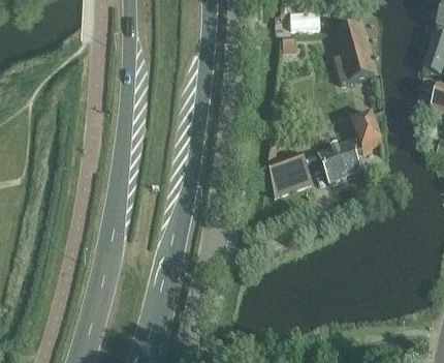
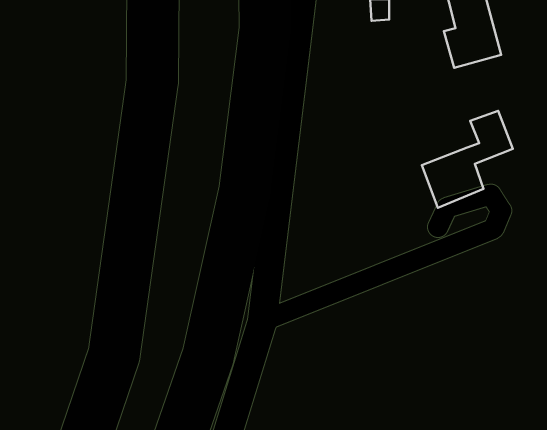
building: [264,154,311,195] -> none

